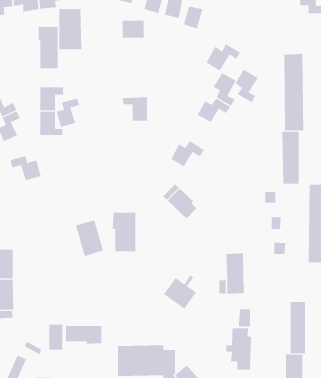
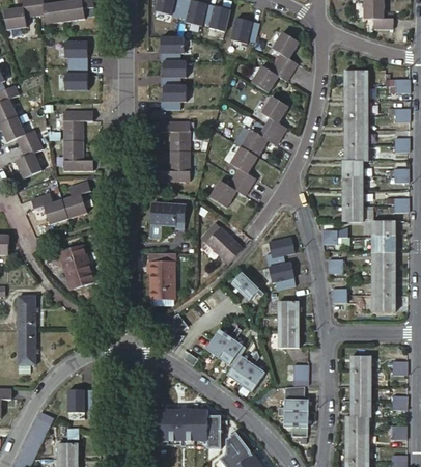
building: [59,8,82,50] -> [160,57,187,105]
building: [235,69,258,103] -> [276,31,303,71]
building: [56,98,80,128] -> [61,178,89,213]
building: none -> [234,142,261,183]
building: none -> [159,149,189,177]
building: none -> [152,203,186,238]
building: none -> [271,237,300,282]
building: [75,220,104,257] -> [58,240,91,282]
building: none -> [231,271,265,299]
building: none -> [226,350,264,392]
building: [65,325,102,344] -> none

